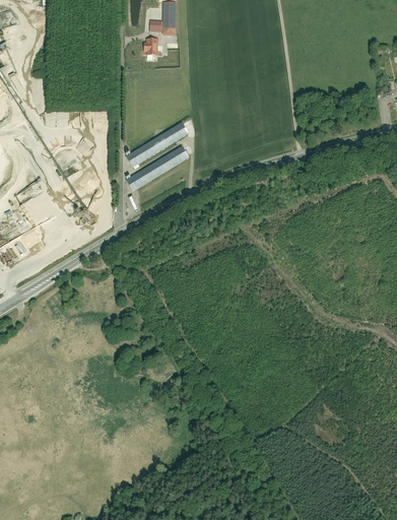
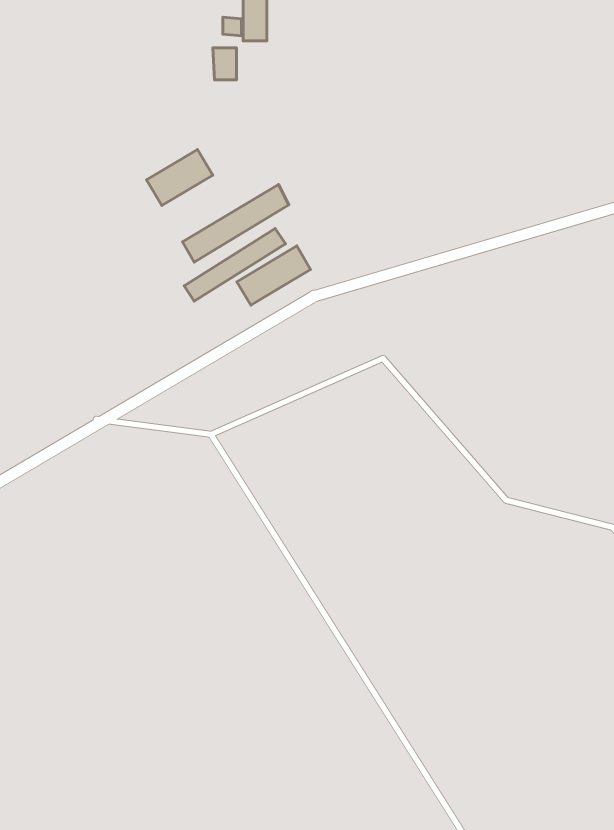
building: none -> [147,149,213,205]
building: none -> [237,246,311,305]

